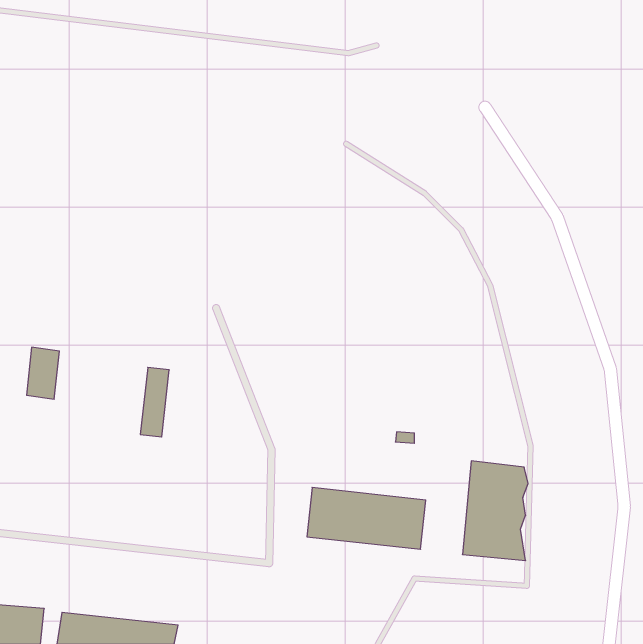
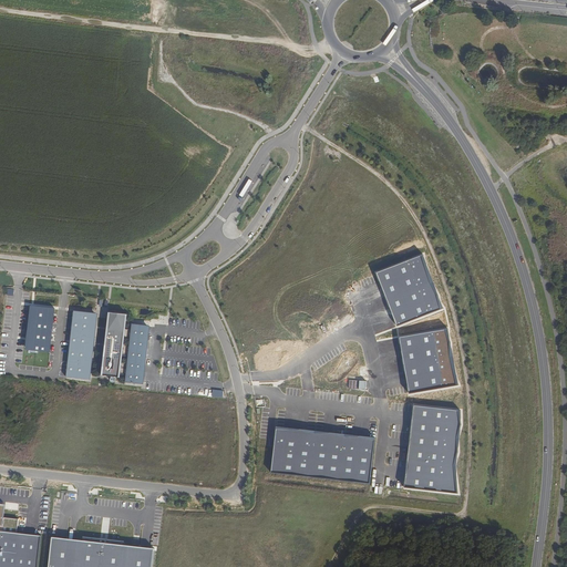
building: none -> [373,254,439,324]
building: none -> [64,309,96,379]
building: none -> [99,311,125,378]
building: none -> [398,328,457,394]

